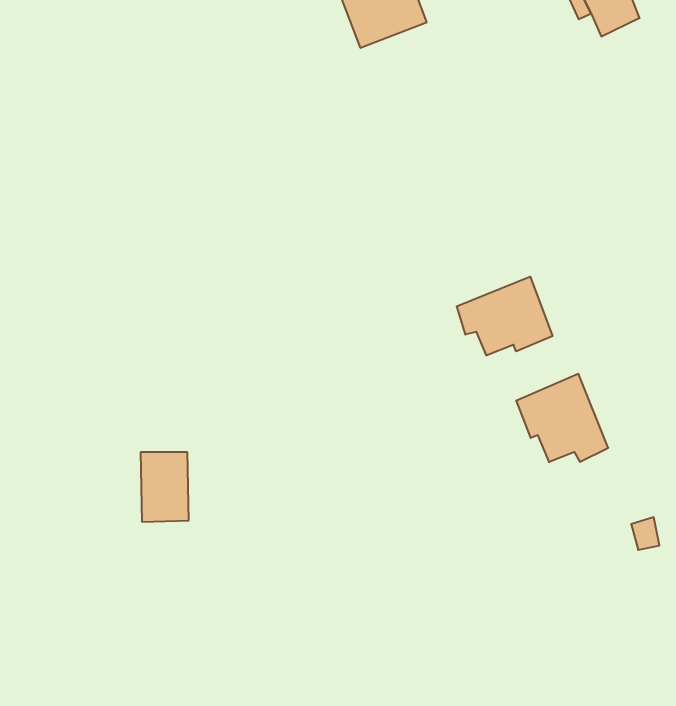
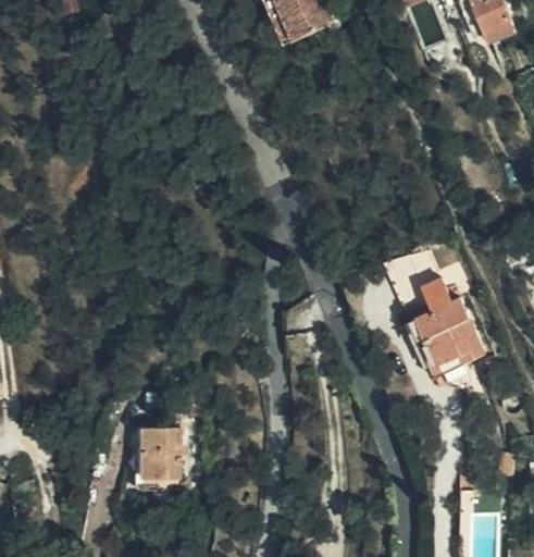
building: [457,277,553,355] -> none
building: [141,452,189,522] -> [148,425,185,479]

